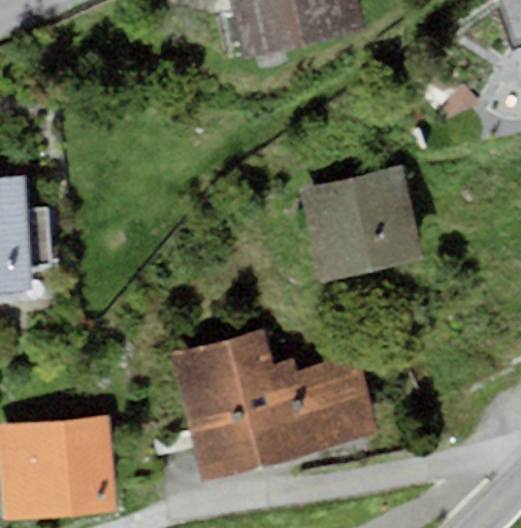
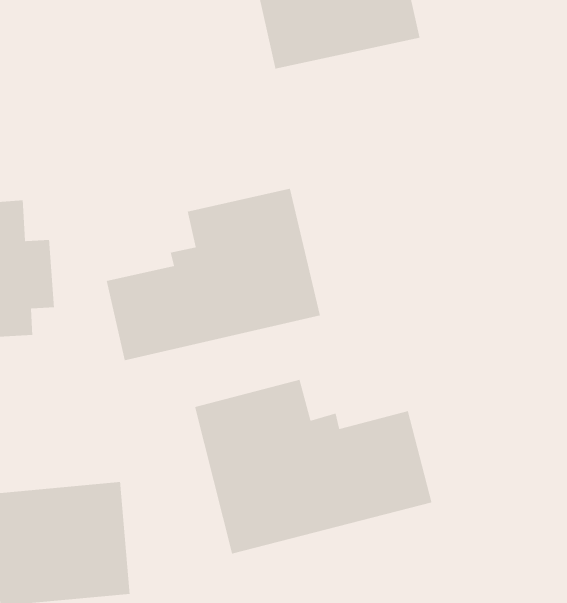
building: none -> [106,188,321,361]
building: [297,166,421,282] -> none

